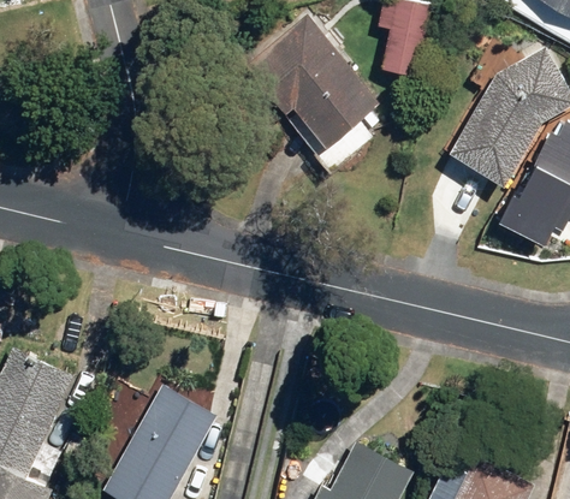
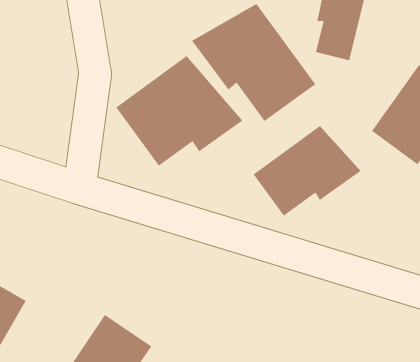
building: none -> [116,55,243,167]
building: none -> [253,125,361,217]

